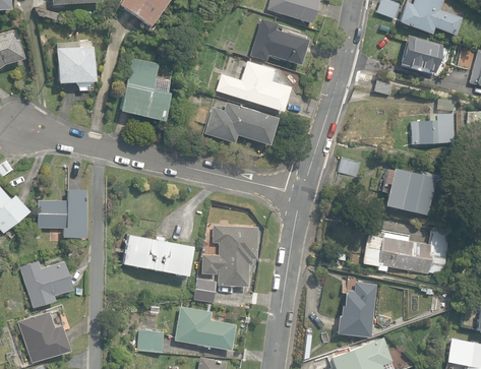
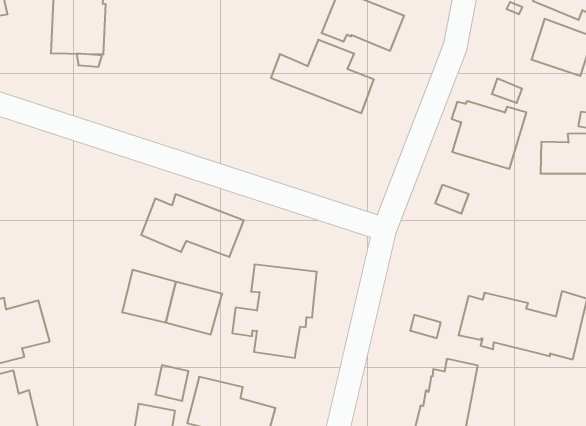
building: [121,57,170,120] -> none
building: [205,103,278,144] -> [141,194,244,257]
building: [384,170,437,216] -> [452,101,526,169]
building: [39,189,86,237] -> none
building: [195,278,218,302] -> [155,365,189,401]

